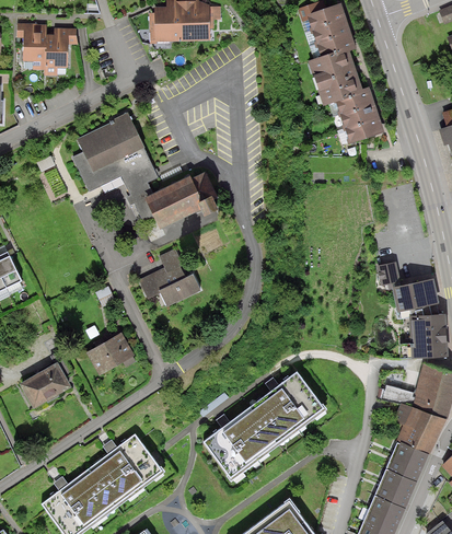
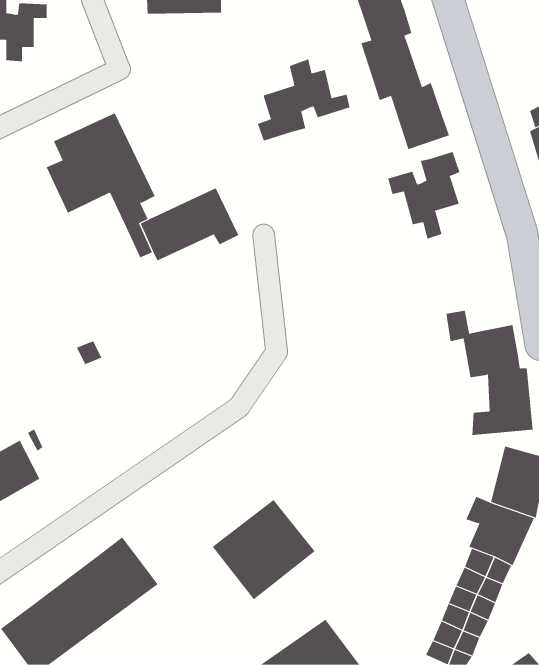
building: none -> [257,59,350,142]
building: none -> [387,151,460,239]
building: [137,249,197,309] -> none
building: [86,332,132,374] -> none
building: [248,370,326,445] -> none

